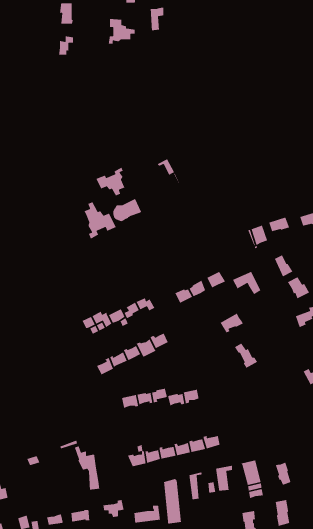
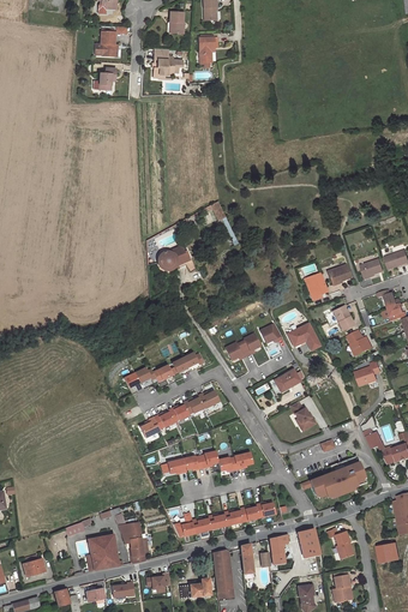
building: [95,166,125,196] -> none
building: [84,201,117,240] -> none
building: none -> [310,456,366,498]
building: none -> [88,534,122,571]

